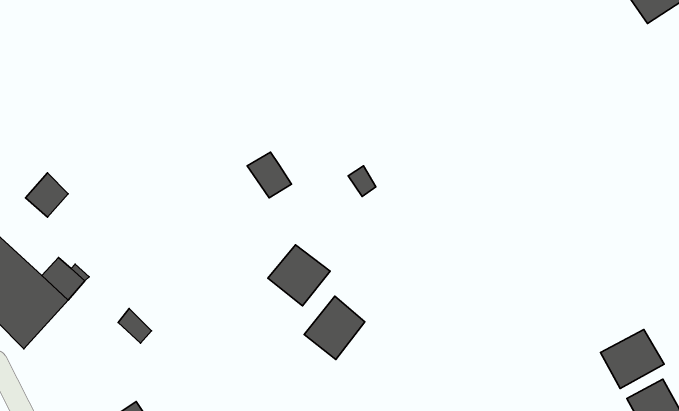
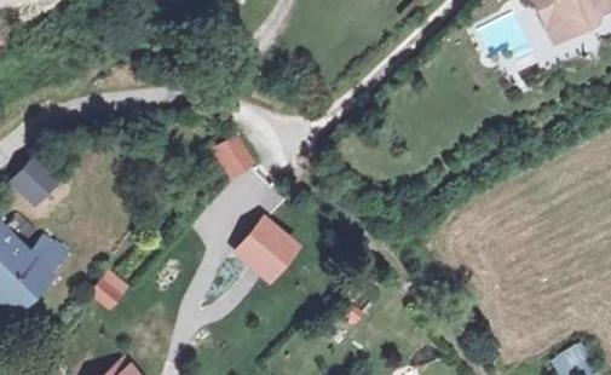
building: [304,296,365,359] -> none
building: [600,330,664,388] -> none

